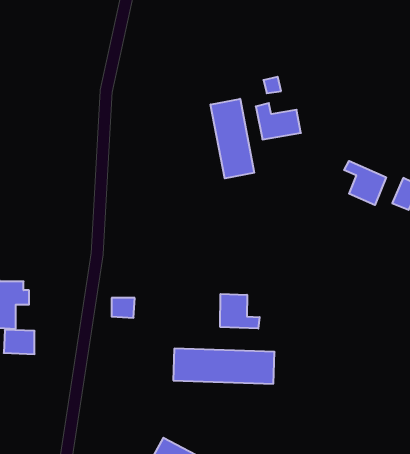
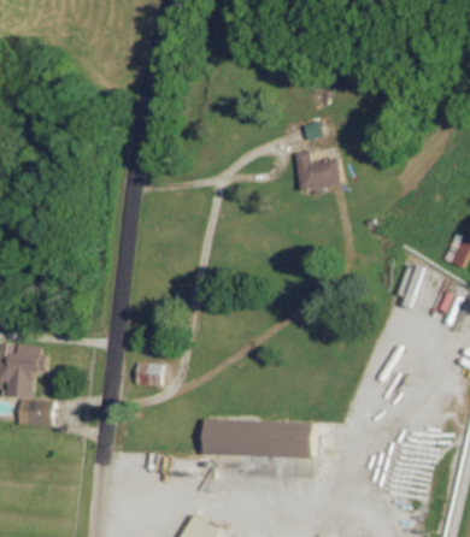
building: [211,99,254,178] -> none
building: [344,161,386,205] -> none
building: [220,294,260,329] -> none

